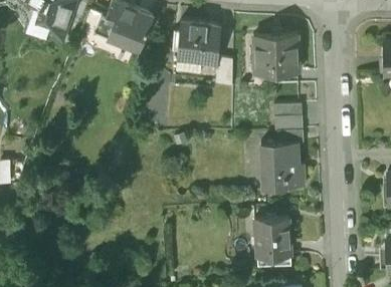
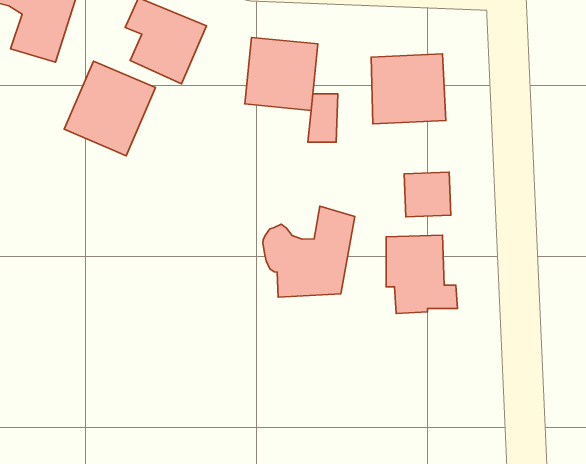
building: none -> [64,61,155,156]
building: none -> [263,206,355,297]
building: [254,221,289,271] -> none

